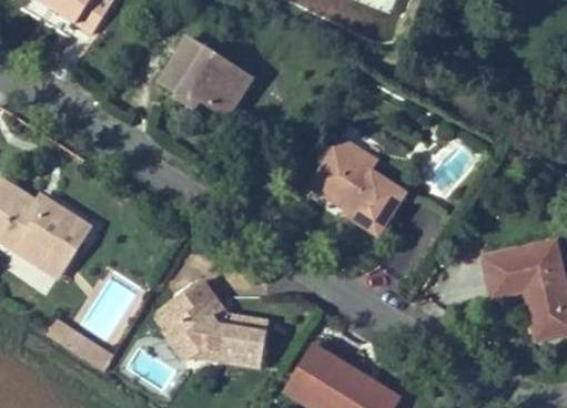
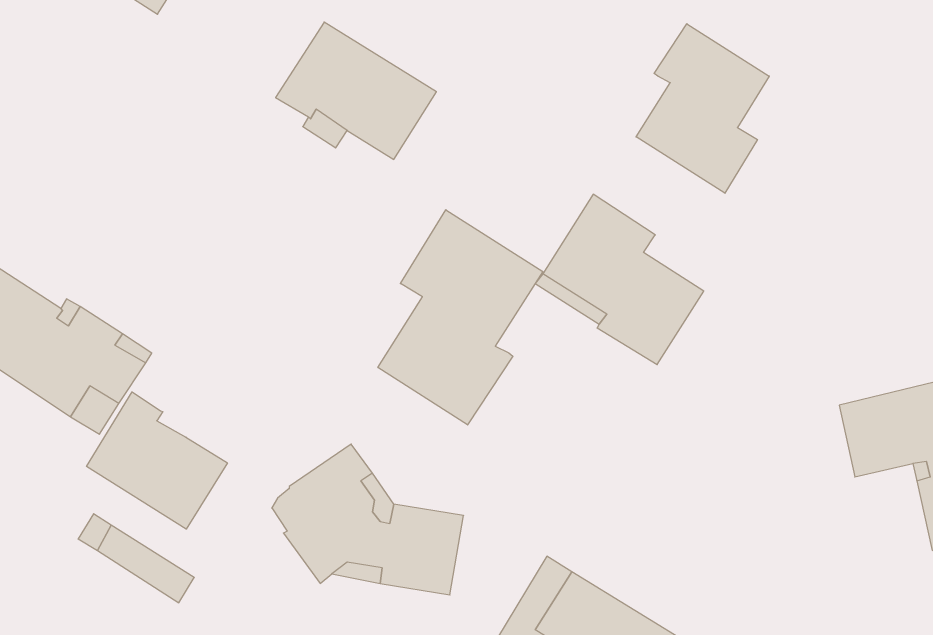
building: none -> [636,24,769,193]
building: none -> [378,210,543,425]
building: none -> [87,392,227,529]

